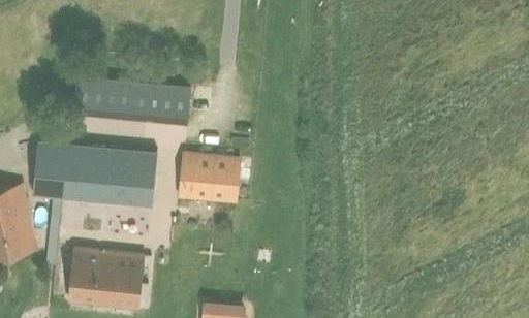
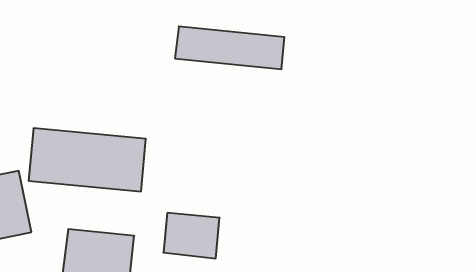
building: [73,77,190,123] -> [175,26,284,69]
building: [180,154,240,202] -> [163,213,220,258]

